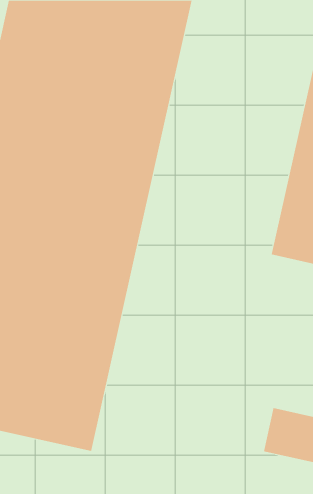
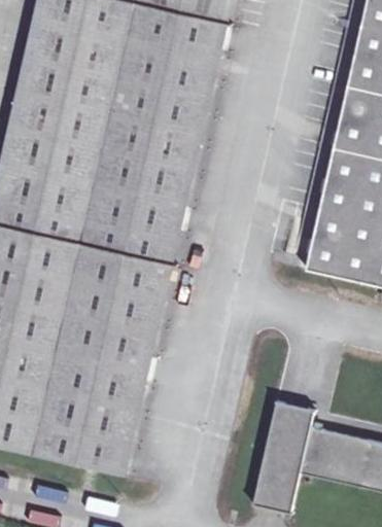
building: none -> [252,398,312,510]

